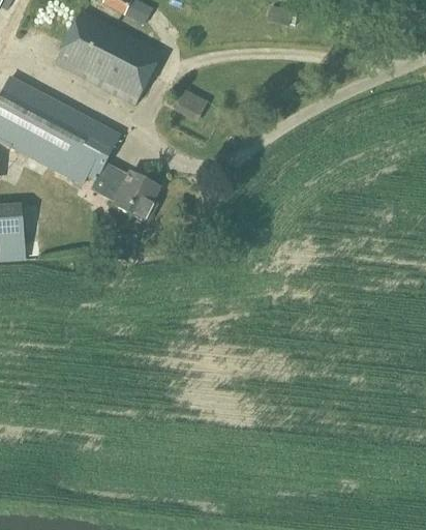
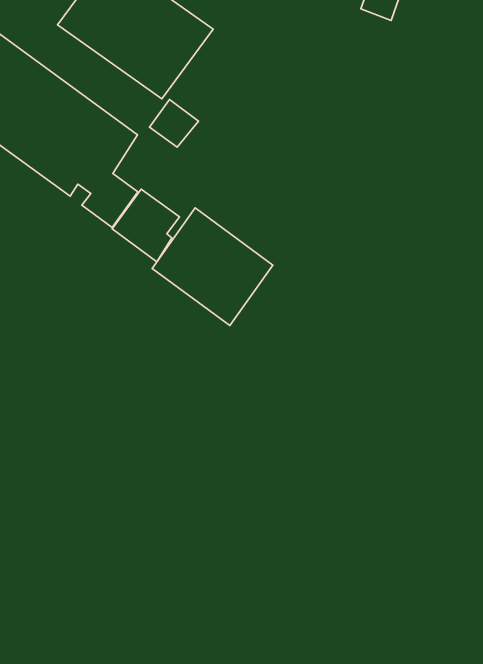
building: [174,88,208,121] -> [149,99,199,147]
building: none -> [152,208,273,326]

